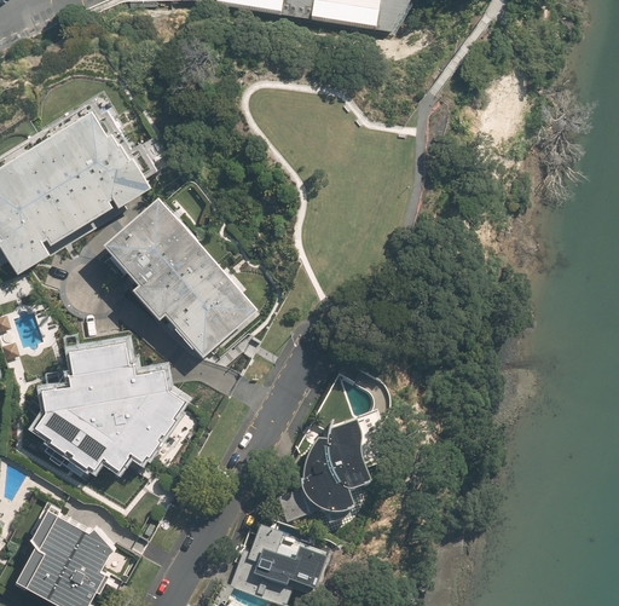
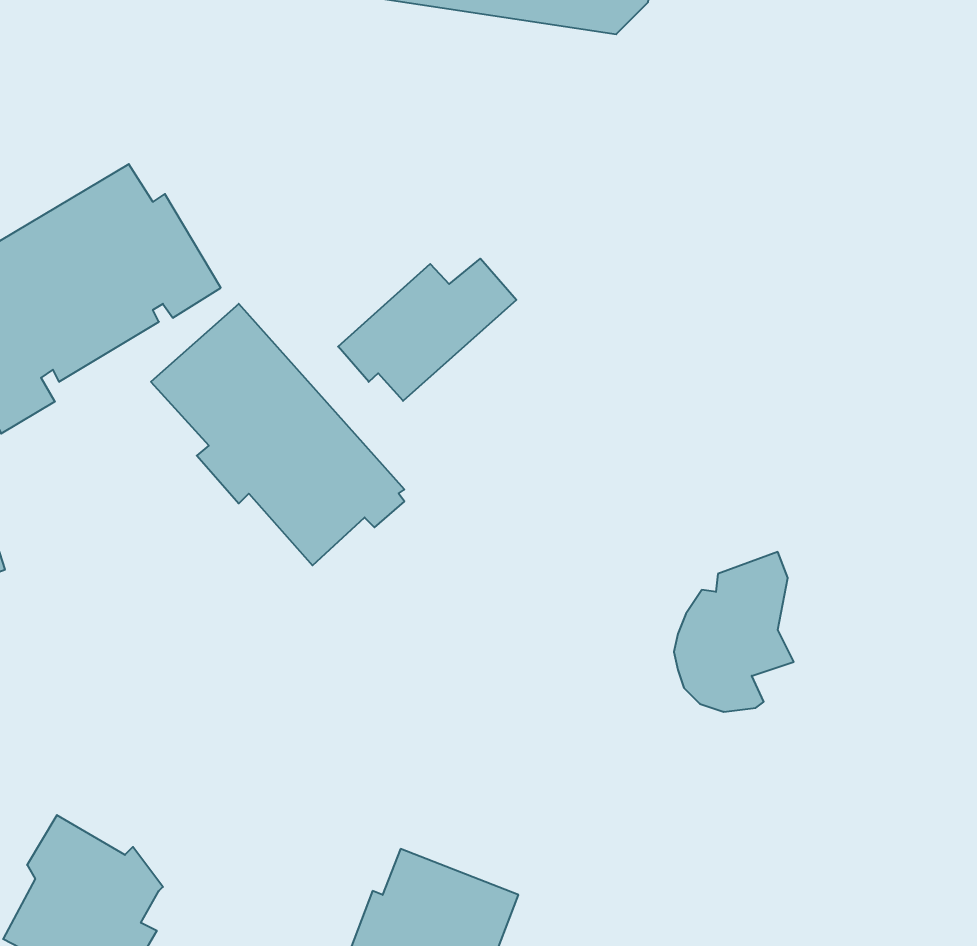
building: none -> [338,259,516,401]
building: [34,340,183,471] -> none
building: [297,420,370,516] -> [674,552,794,712]

